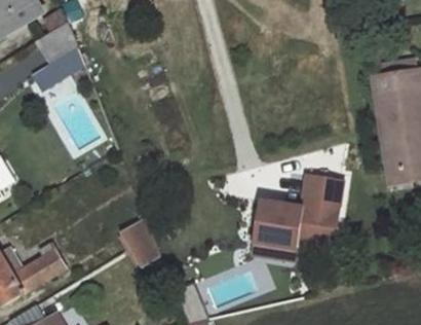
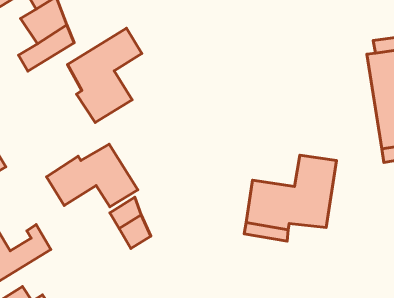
building: none -> [67,28,142,123]
building: none -> [47,144,138,207]

